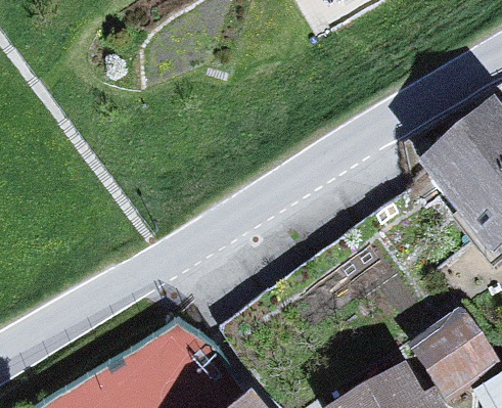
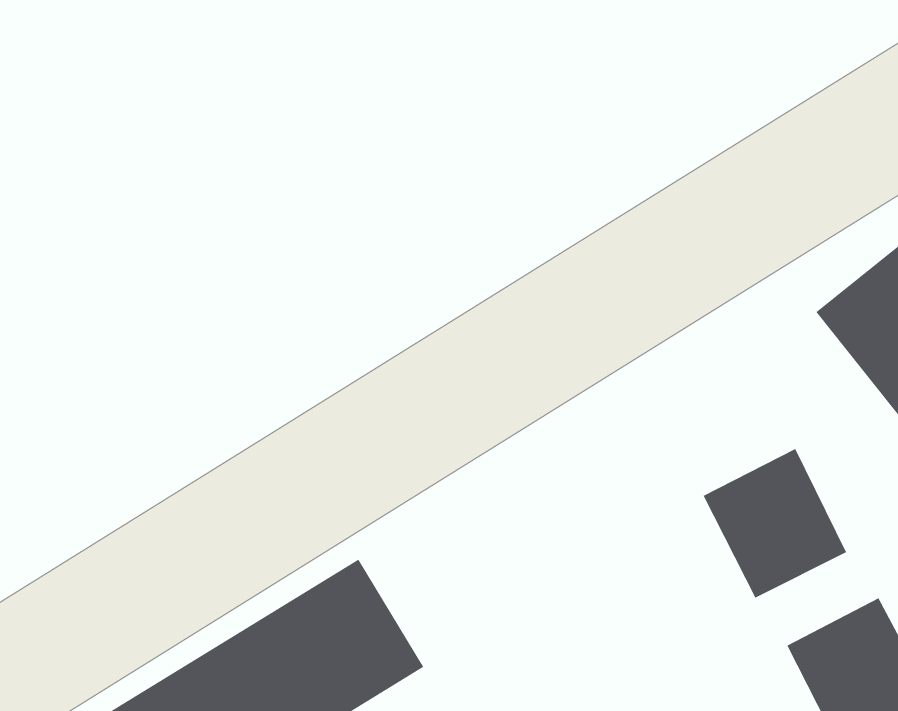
building: none -> [703,448,847,598]

